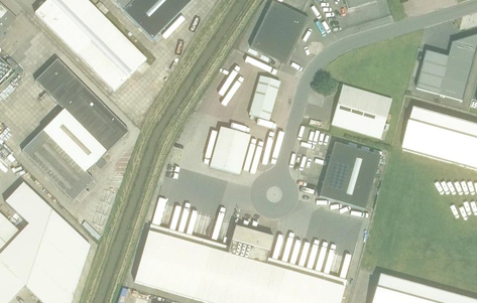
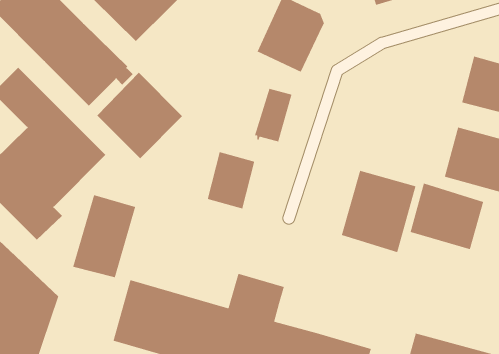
building: none -> [97,72,183,159]
building: [332,84,392,138] -> [410,183,484,250]
building: none -> [72,194,136,278]

